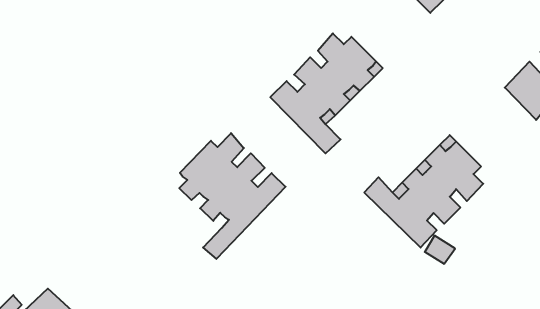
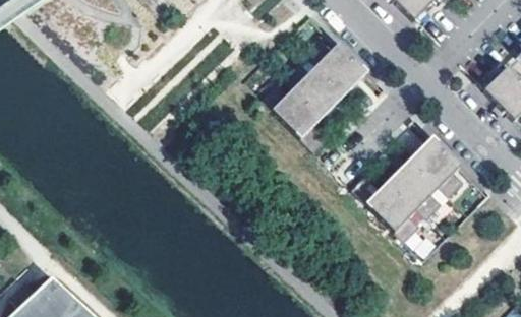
building: [179,133,286,259] -> none

